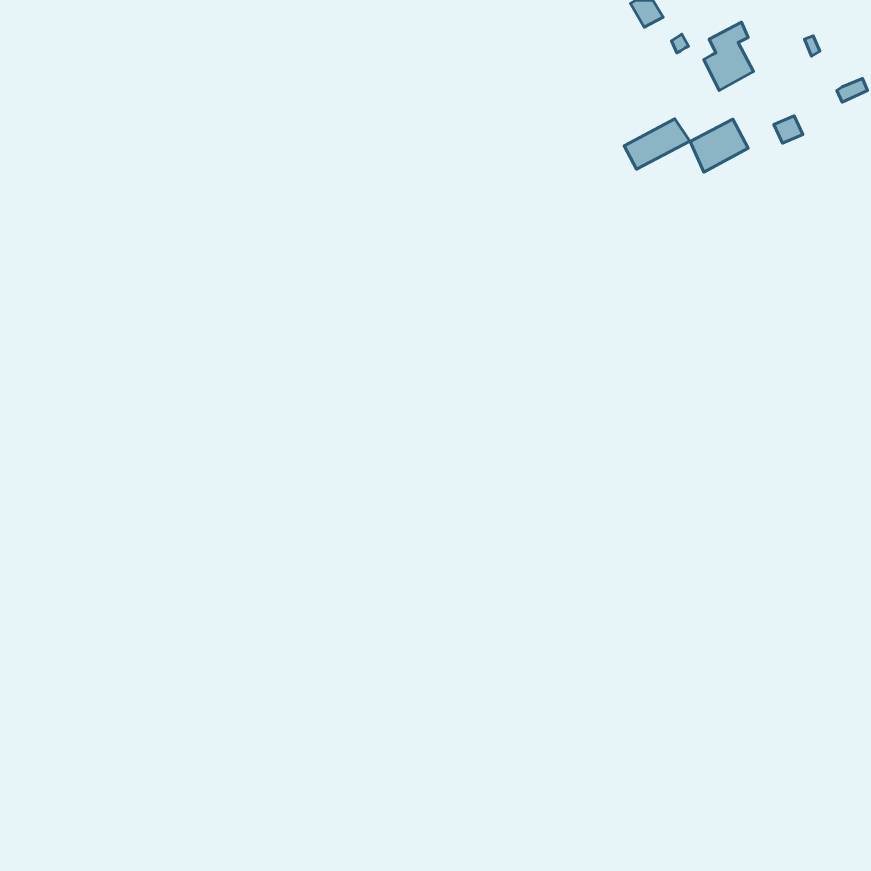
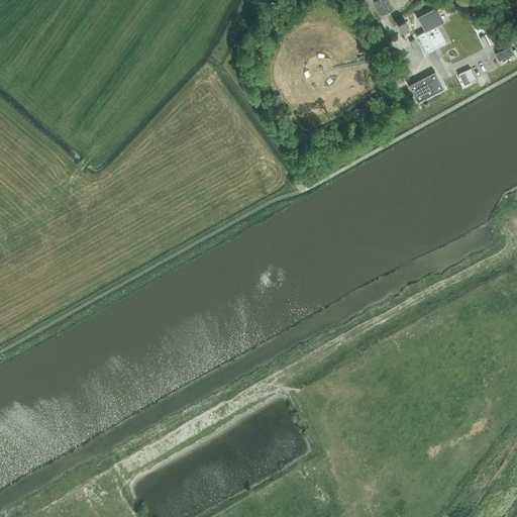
building: [624,119,690,169] -> none

